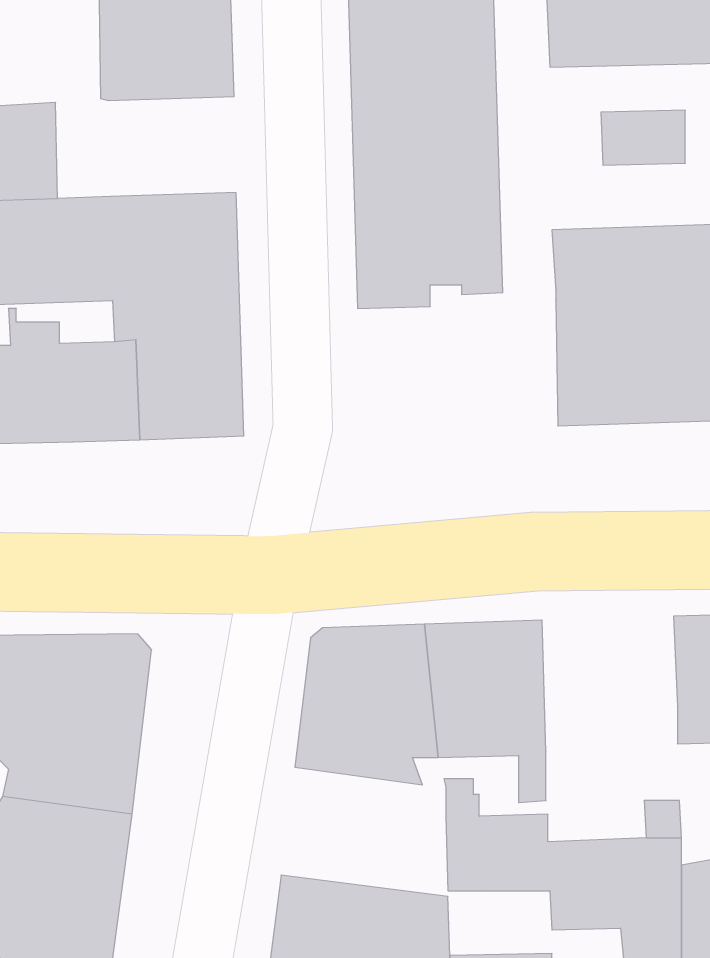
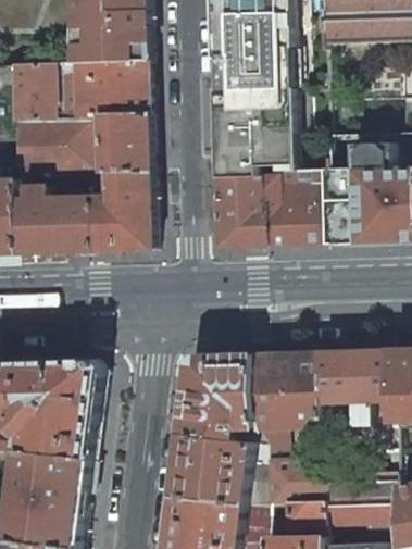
building: none -> [71,61,147,116]
building: none -> [214,171,325,247]
building: none -> [316,349,391,424]
building: none -> [172,433,264,504]
building: none -> [284,501,322,526]

